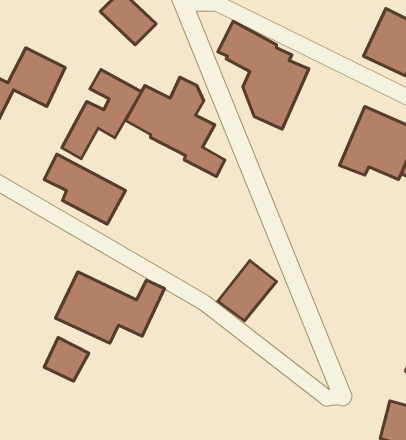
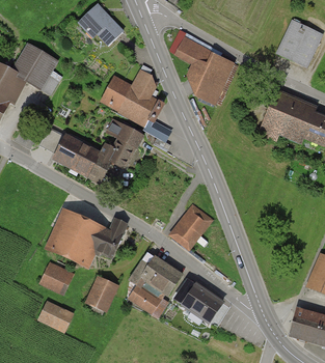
building: [62,69,141,159] -> [86,119,145,186]
building: none -> [130,251,183,311]
building: none -> [83,277,115,312]
building: none -> [178,280,223,323]
building: none -> [36,301,71,332]

